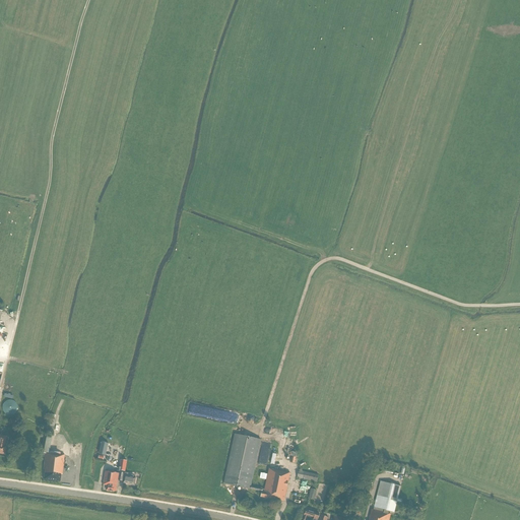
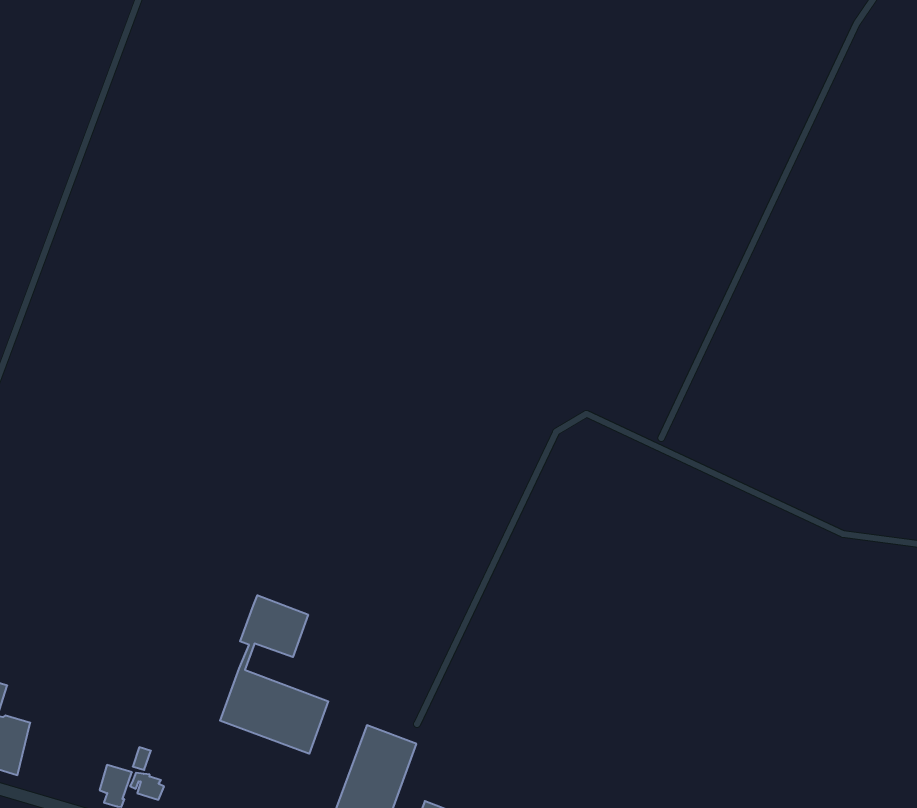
building: none -> [220,595,328,754]

